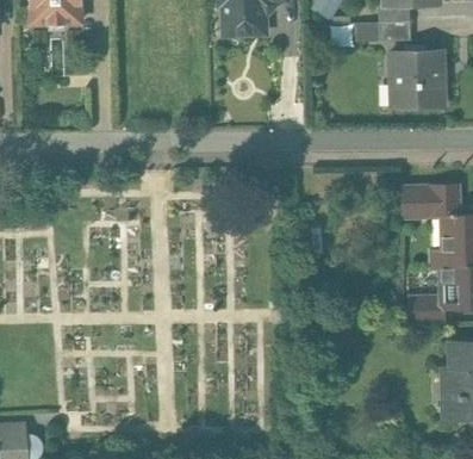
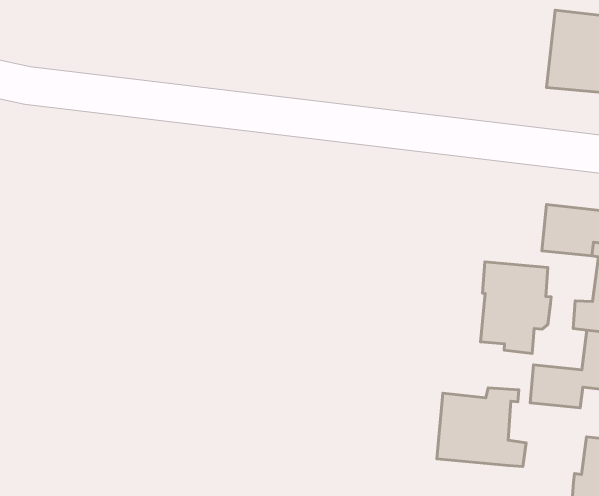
building: none -> [480,262,551,354]
building: none -> [437,388,526,467]

